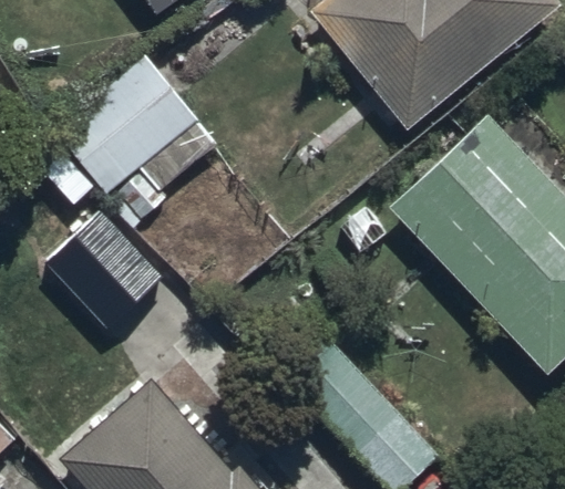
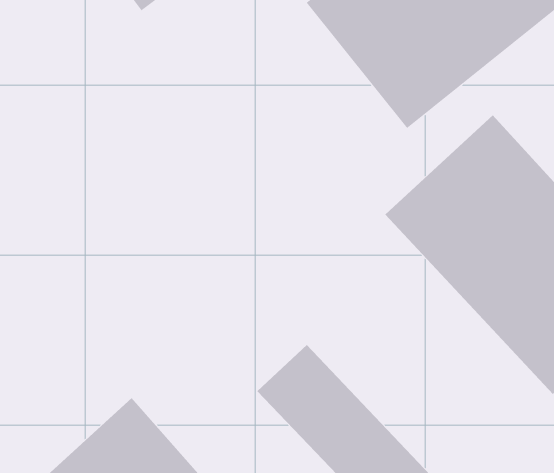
building: [53,58,219,230] -> none
building: [40,212,164,336] -> none

